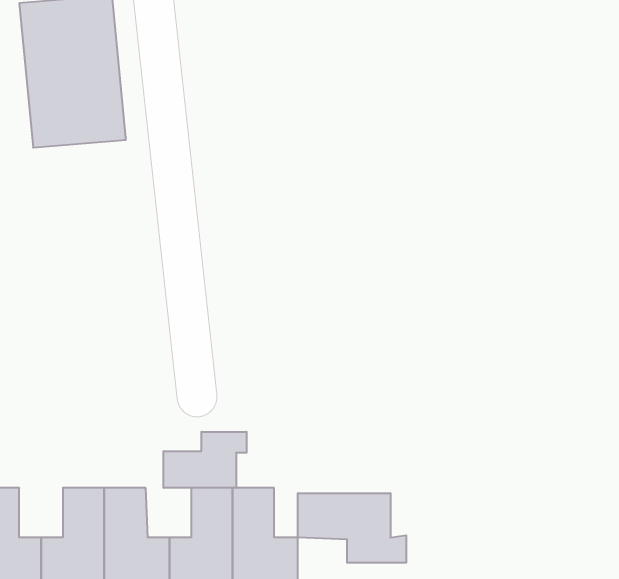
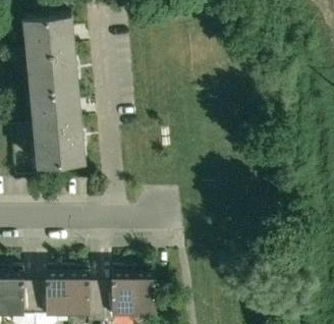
building: none -> [30,89,85,167]
building: [164,432,247,488] -> none
building: [298,493,406,563] -> none

